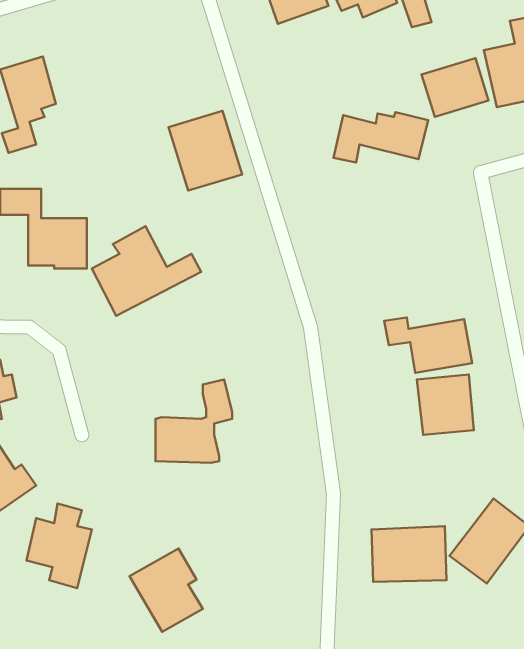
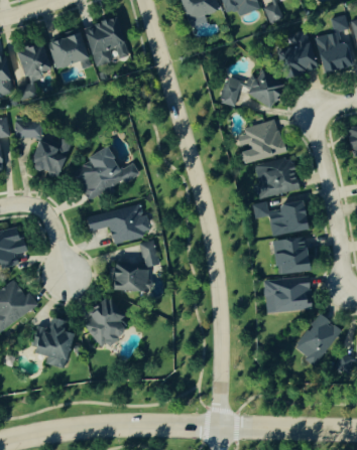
building: none -> [48,31,90,68]
building: [169,111,242,191] -> [83,16,128,65]
building: none -> [238,120,285,163]
building: none -> [253,158,299,197]
building: none -> [86,203,149,244]
building: [371,526,447,582] -> [265,277,312,311]
building: [129,548,203,632] -> [81,297,126,348]

